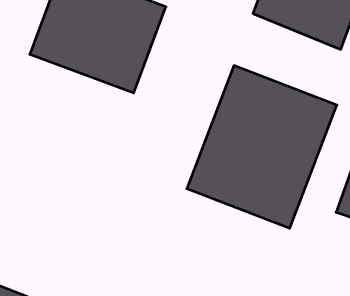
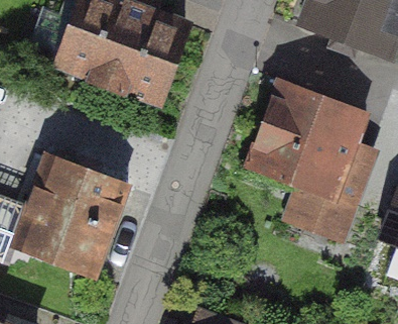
building: none -> [22,143,130,275]

